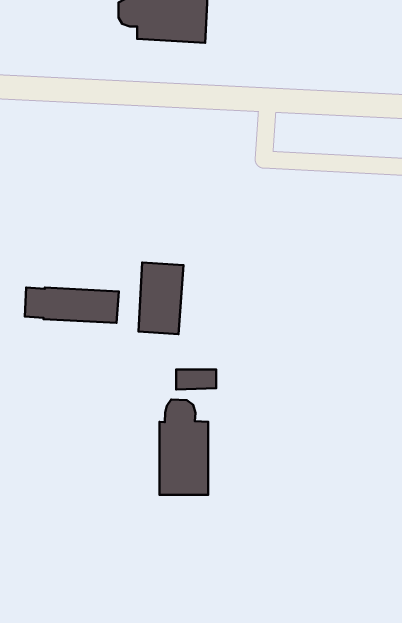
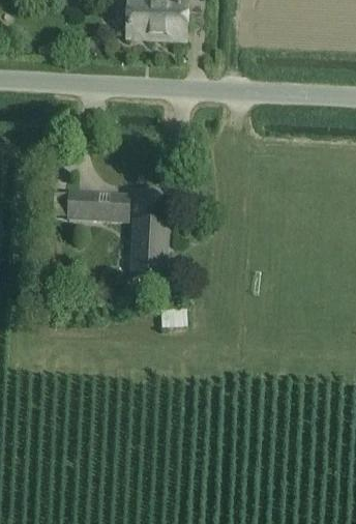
building: [25,288,119,323] -> [53,191,130,220]
building: [159,399,208,495] -> none

